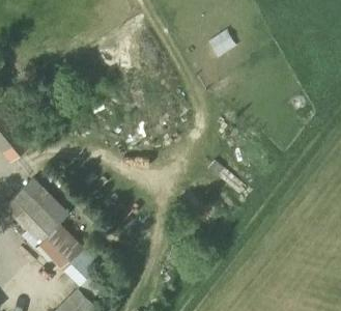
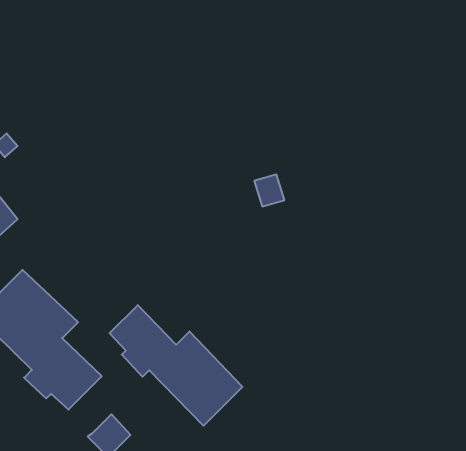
building: none -> [110,305,242,426]

